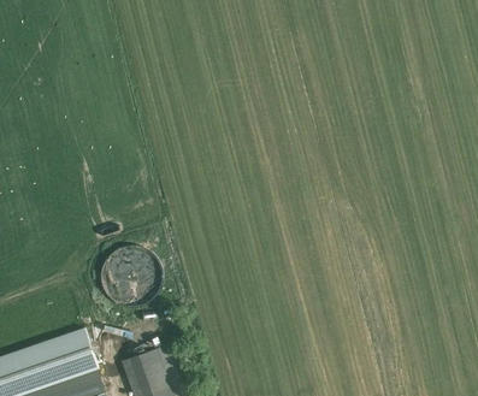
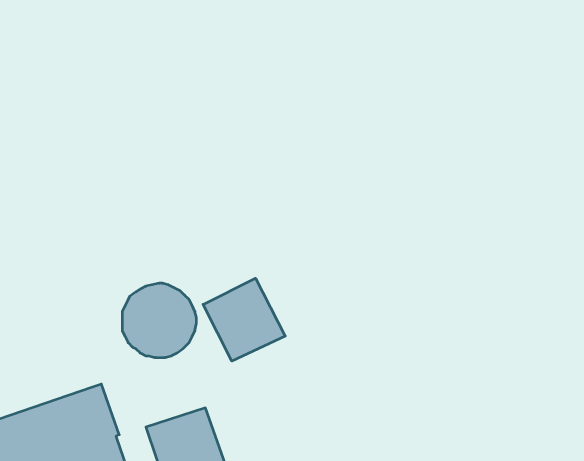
building: none -> [203,278,285,361]

